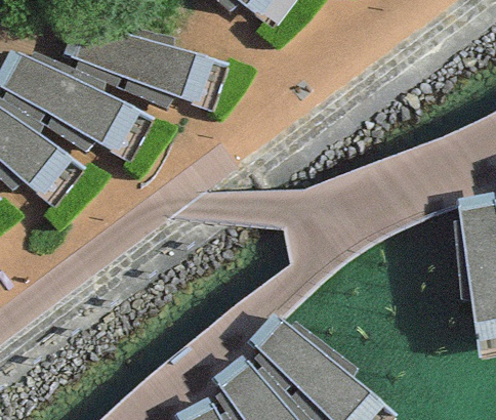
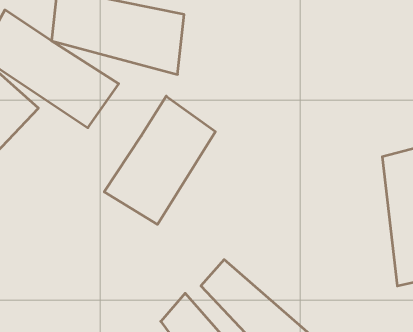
building: none -> [104,96,215,224]

